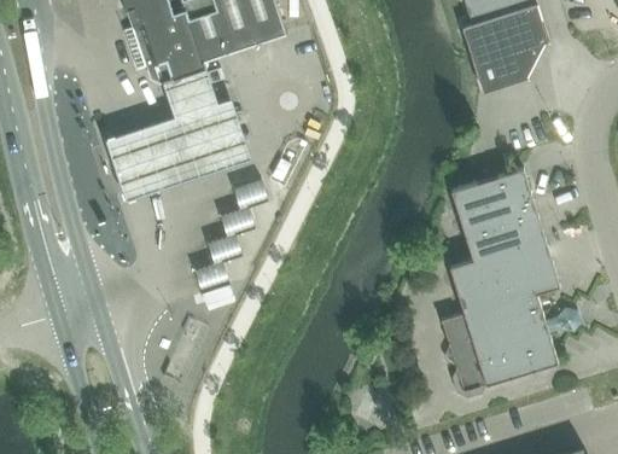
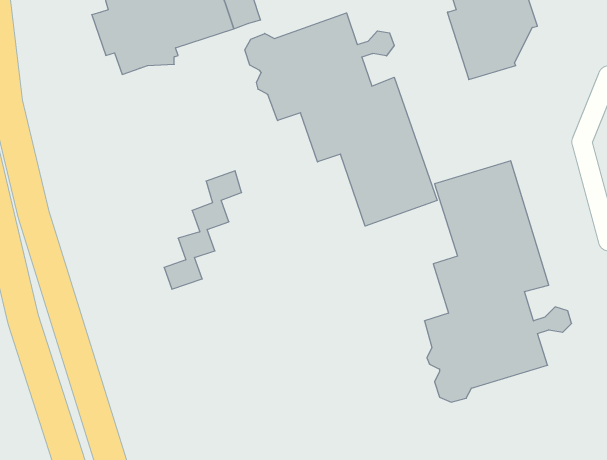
building: none -> [245,13,437,226]
building: [105,64,250,199] -> none

